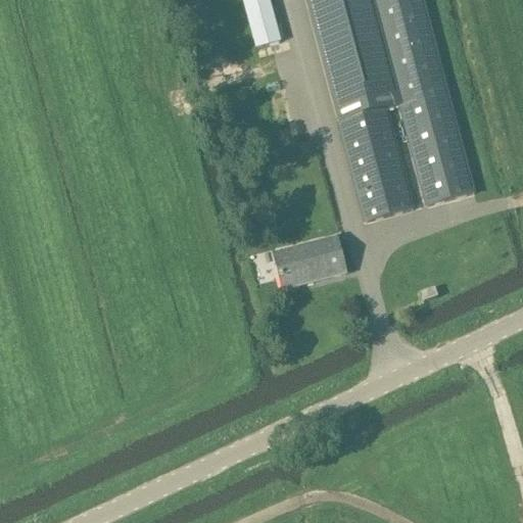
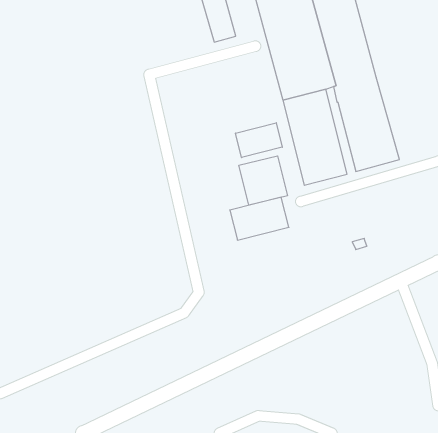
building: none -> [236,123,282,158]
building: none -> [239,156,287,205]

